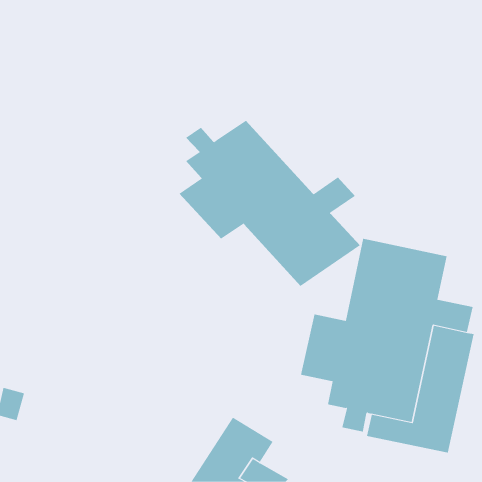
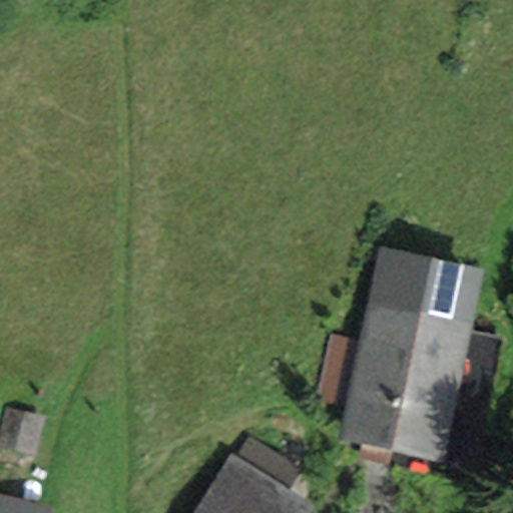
building: [179,120,361,287] -> none

